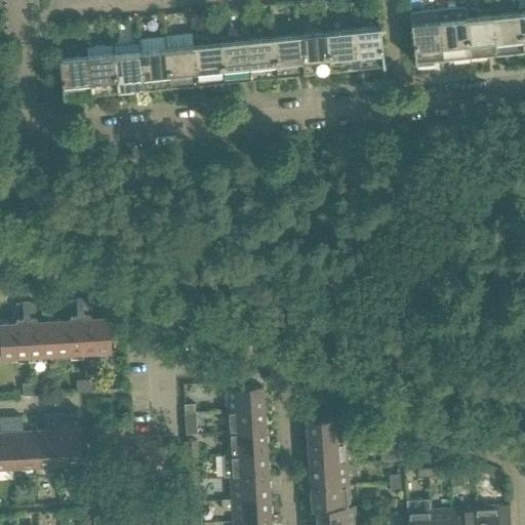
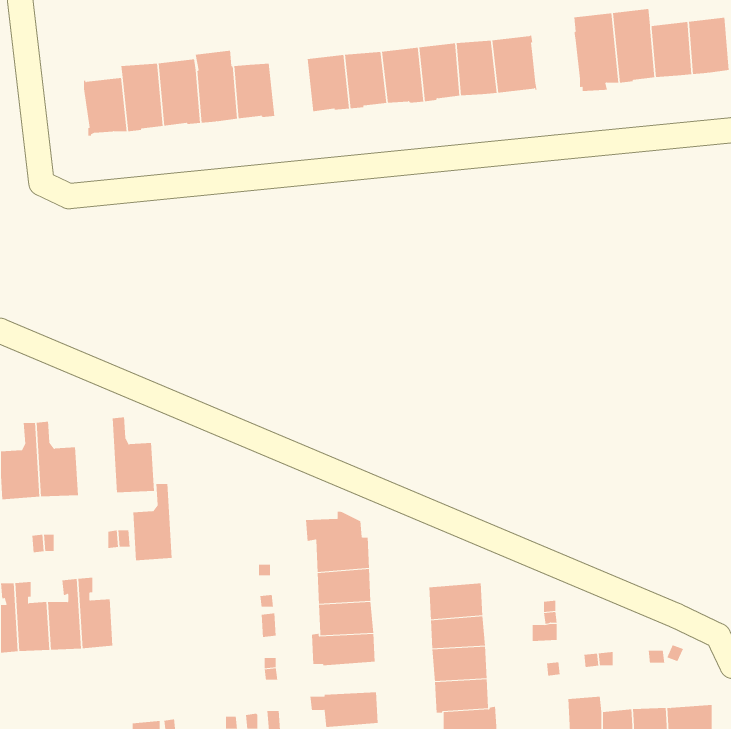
building: [194,44,225,85] -> none
building: [55,301,84,357] -> [132,484,173,561]
building: [232,476,271,499] -> none

